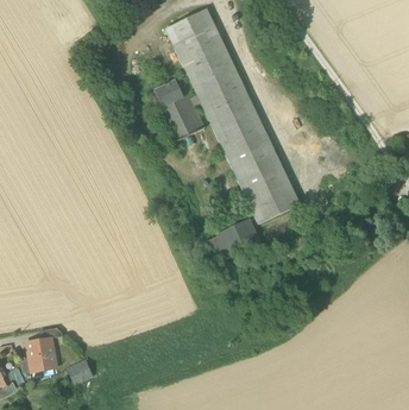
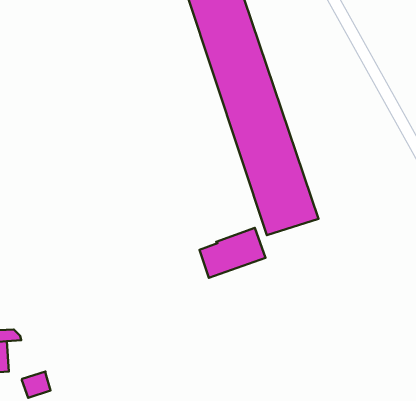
building: [147,77,204,144] -> none

